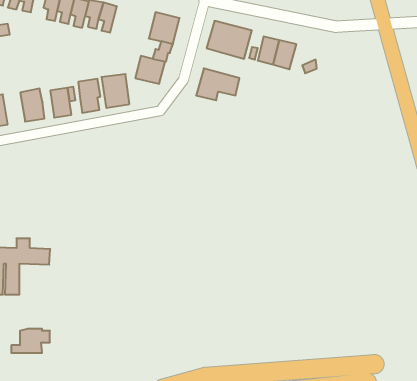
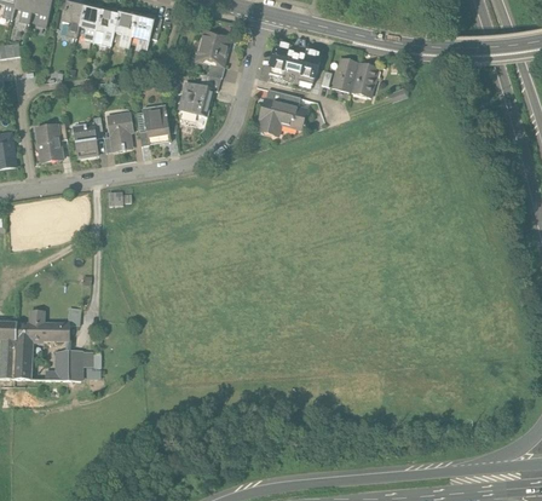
building: [11,329,50,353] -> [44,350,92,380]

